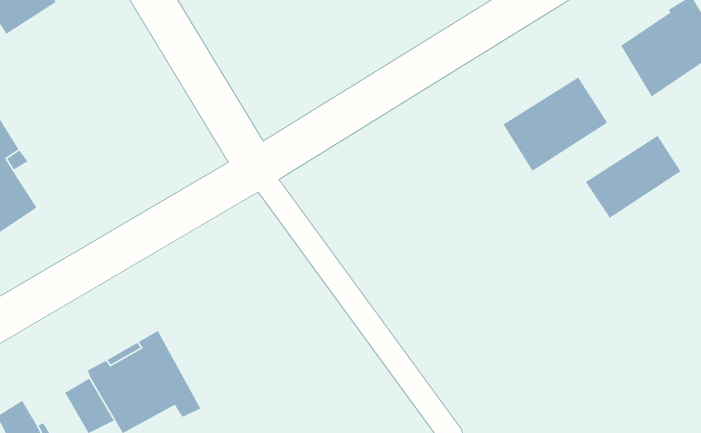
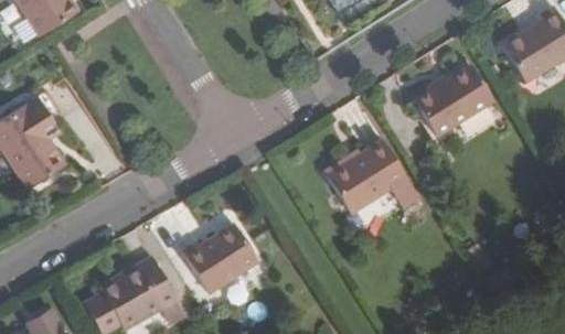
building: [585,135,681,219] -> none
building: none -> [308,141,399,224]
building: none -> [185,226,258,288]

